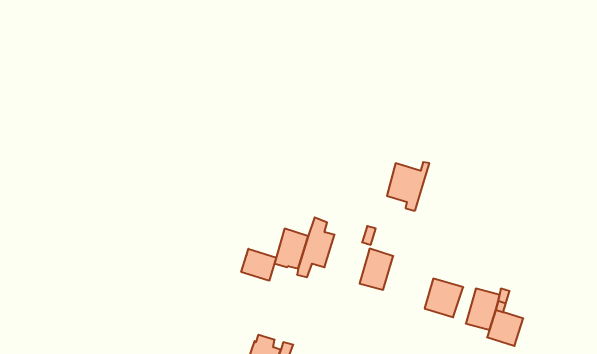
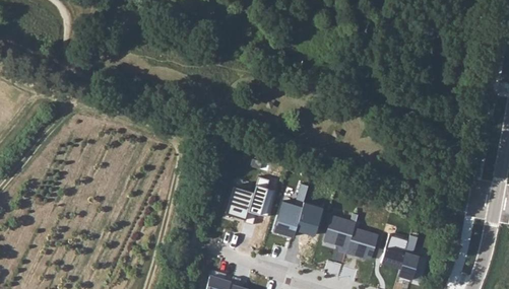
building: [387,162,429,211] -> [323,213,358,252]
building: none -> [272,202,301,238]
building: [241,249,276,281] -> none

